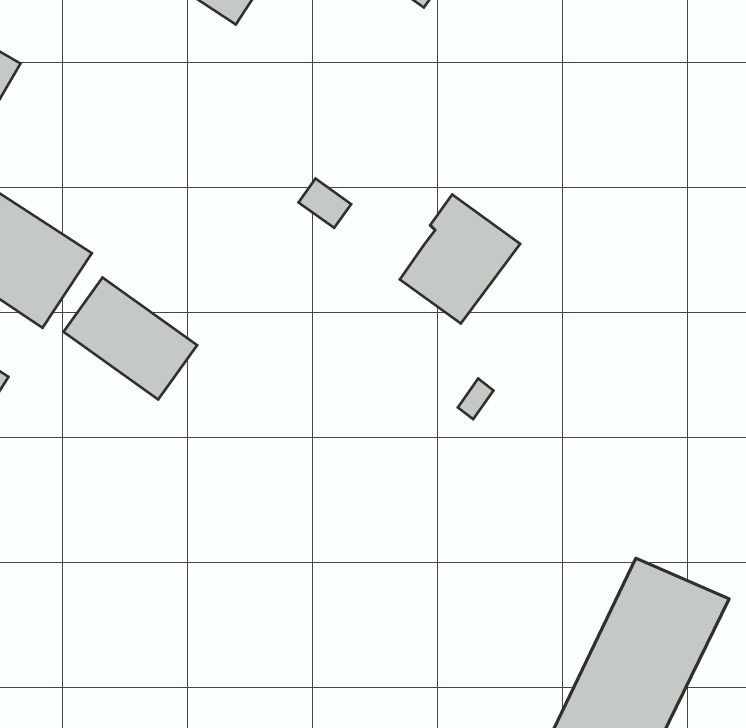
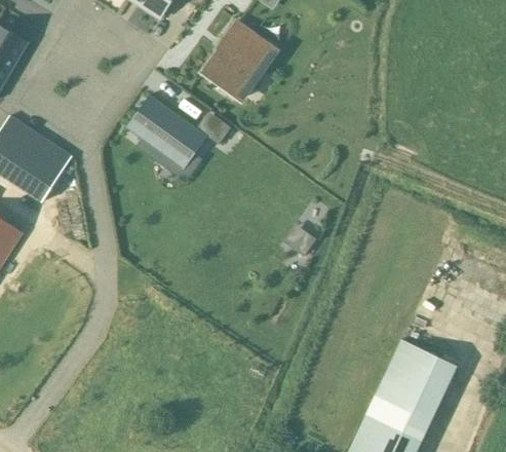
building: [400,195,520,323] -> [202,21,275,99]
building: [63,277,197,399] -> [125,95,206,168]

